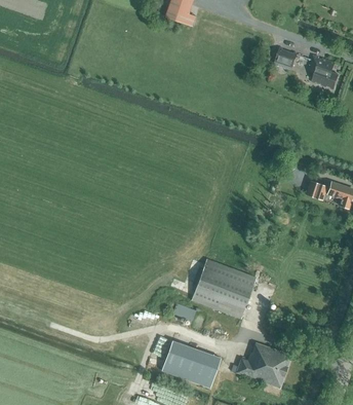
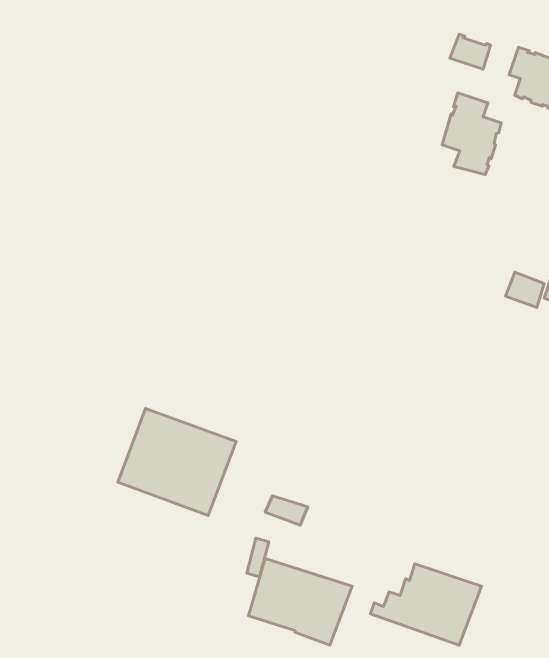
building: none -> [442,93,501,175]
building: [192,259,258,319] -> [118,408,236,515]

